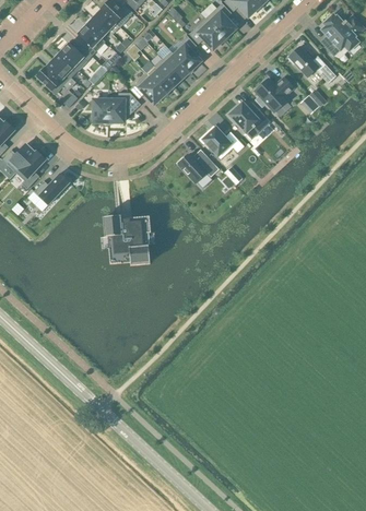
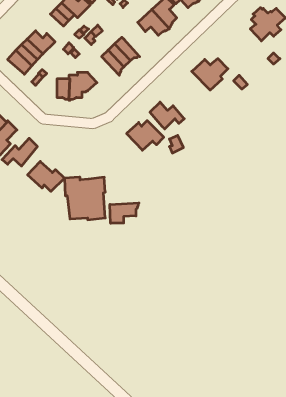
building: [78,23,106,56] -> none
building: [173,35,200,73] -> none
building: [287,44,337,83] -> none
building: [130,73,167,103] -> none
building: [226,99,270,139] -> none
building: none -> [28,161,64,191]
building: none -> [110,203,139,223]

